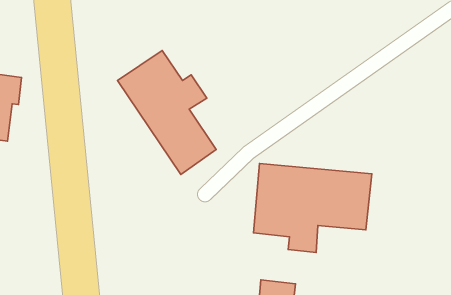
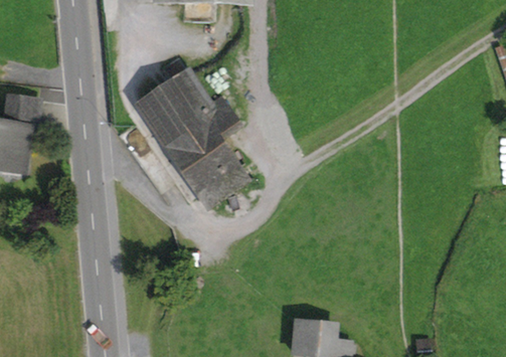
building: [254,164,372,252] -> none

